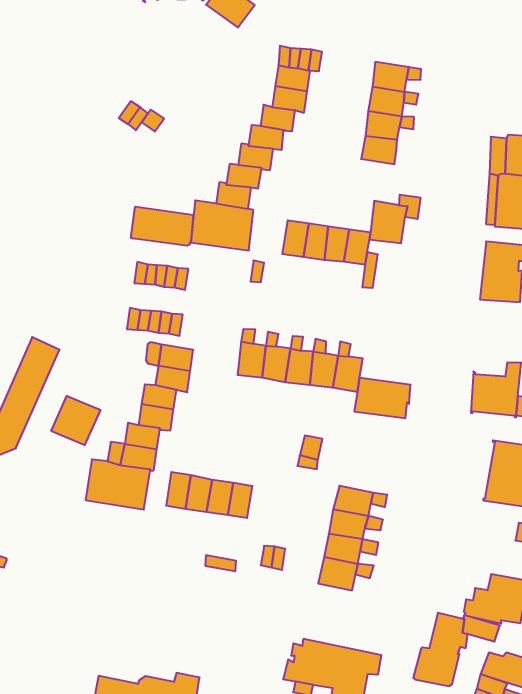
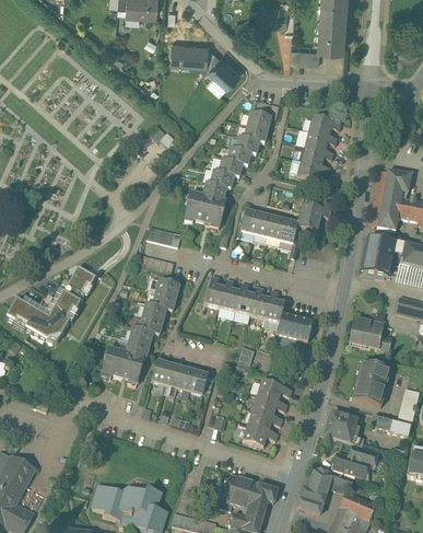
building: [131,207,193,246] -> none
building: [51,396,100,445] -> none
building: none -> [325,412,359,442]

